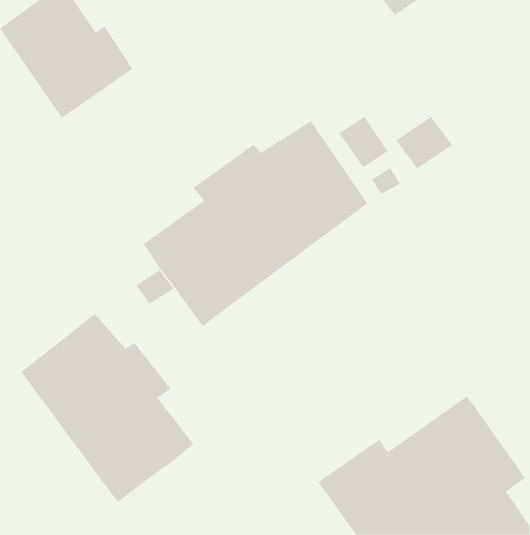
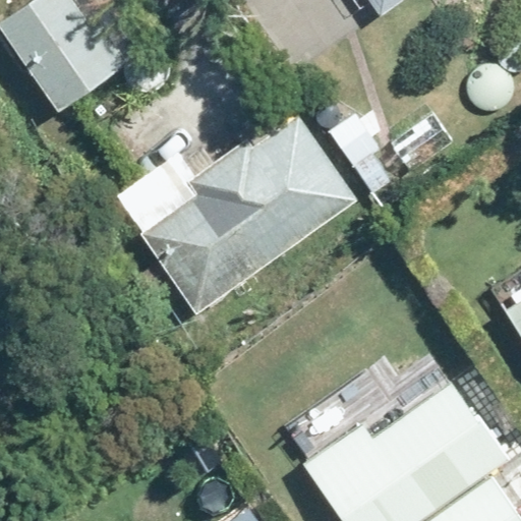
building: [20,313,194,503] -> none

